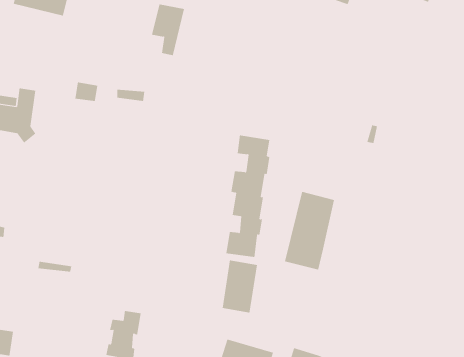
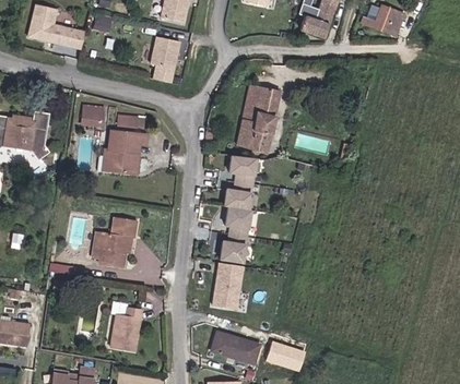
building: none -> [108,131,145,173]
building: [284,191,335,270] -> [236,83,281,153]
building: none -> [92,217,138,266]

